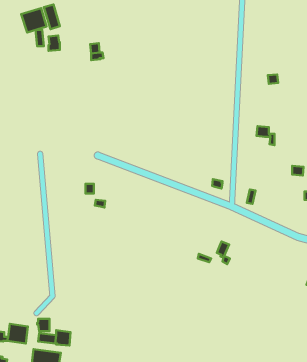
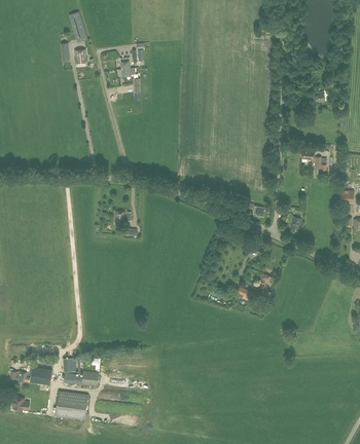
building: [21,8,46,32] -> none

